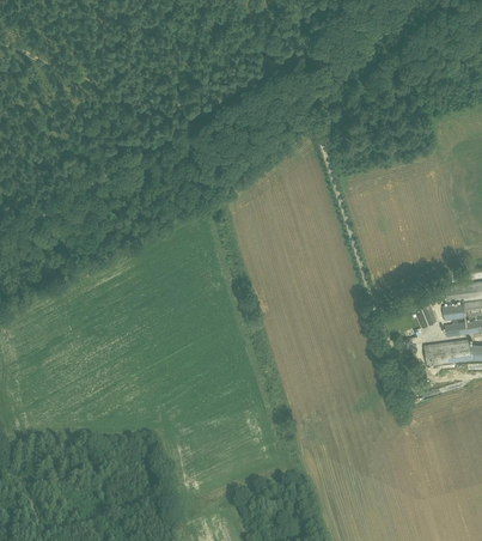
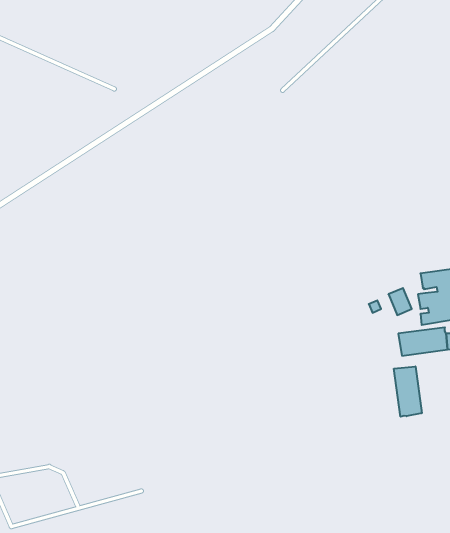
building: none -> [394,366,422,417]

